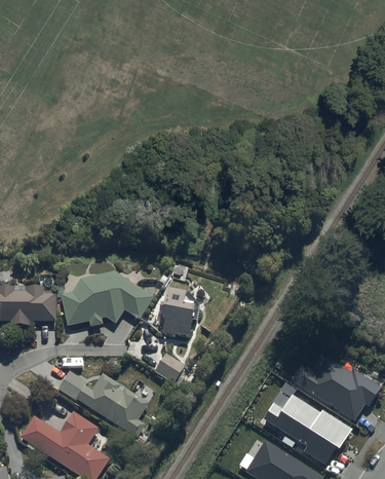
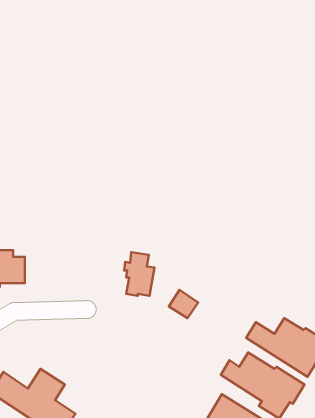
building: [61,271,153,326] -> none
building: [153,354,184,383] -> [169,290,198,318]
building: [57,370,152,437] -> none

